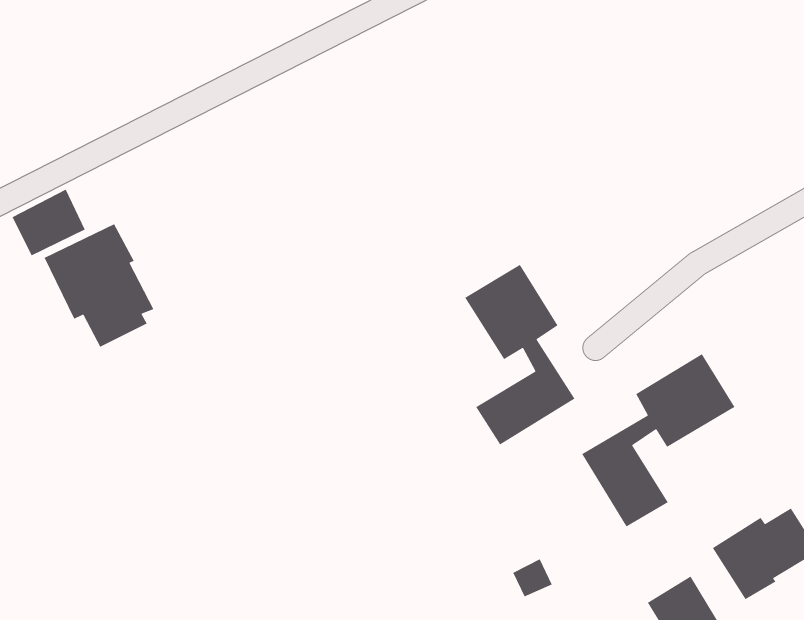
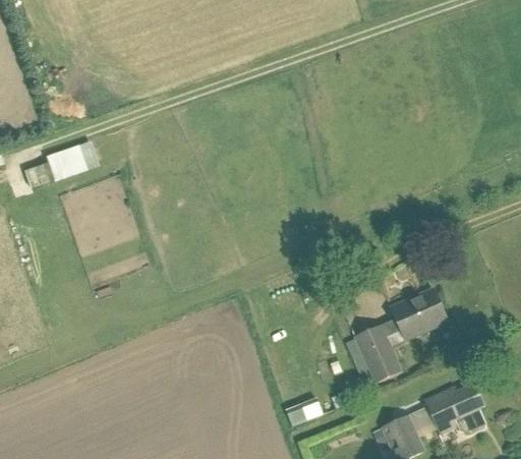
building: [44,223,155,348] -> none
building: [464,264,575,445] -> none

